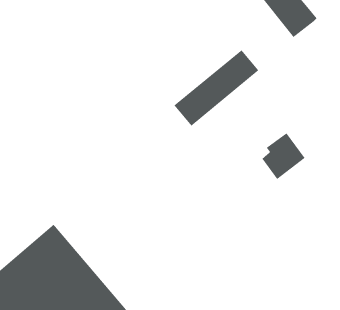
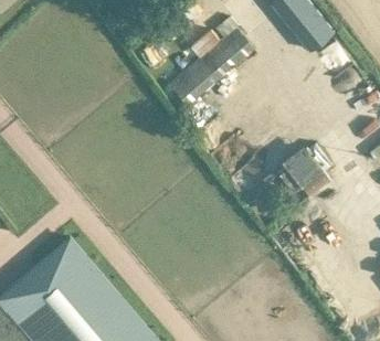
building: [174,49,259,126] -> [169,25,255,103]

